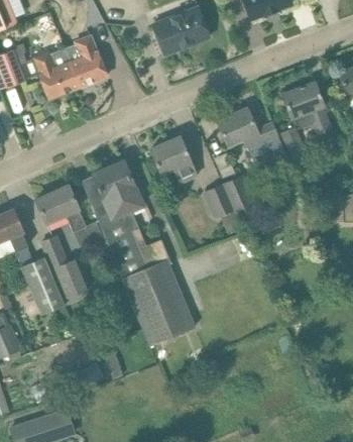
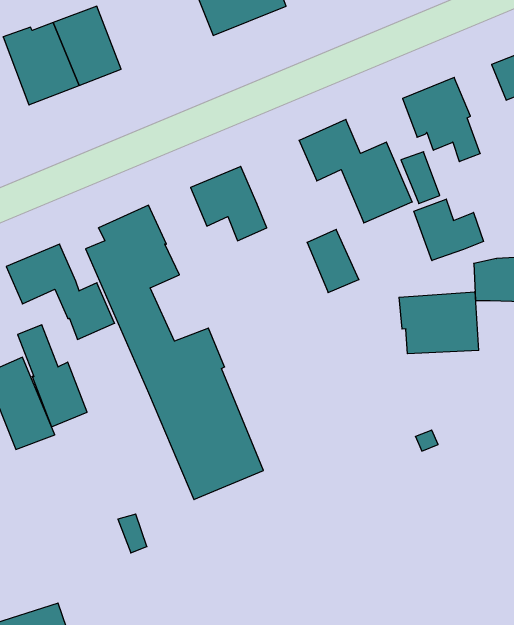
building: none -> [414,199,484,261]
building: [203,184,234,219] -> none
building: none -> [399,292,479,354]

